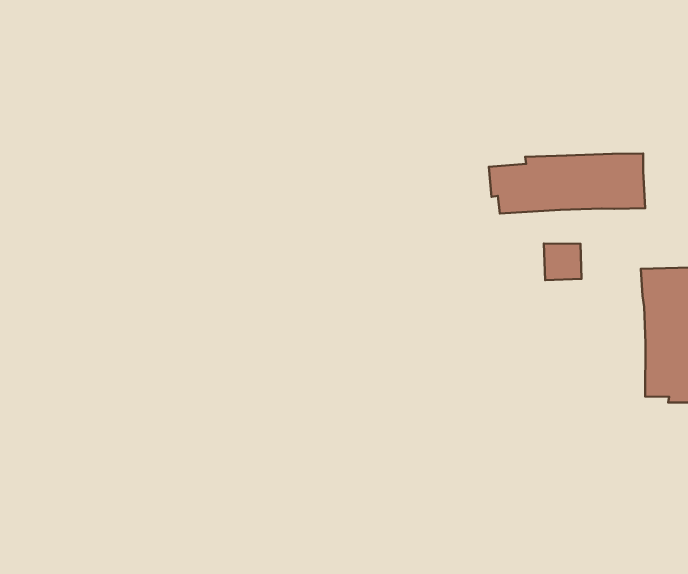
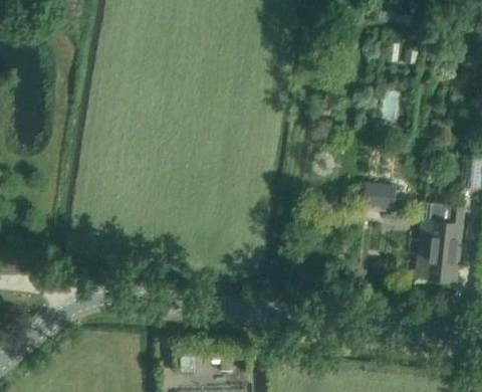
building: [489,154,645,214] -> none

